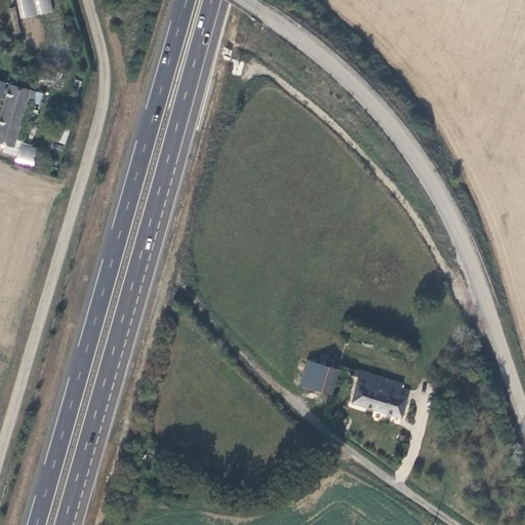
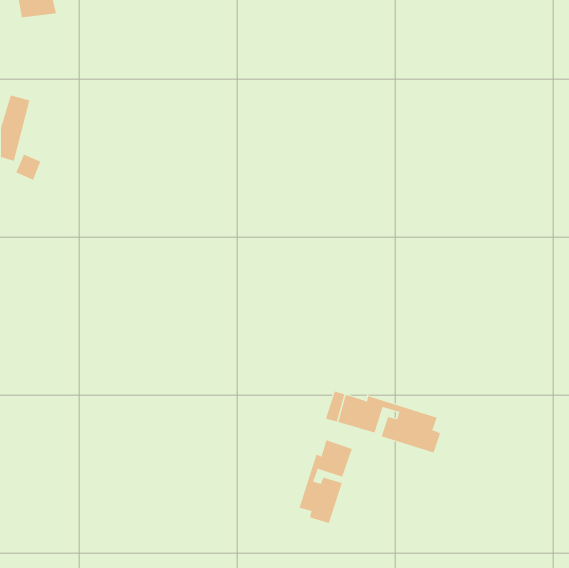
building: none -> [299,439,353,524]

